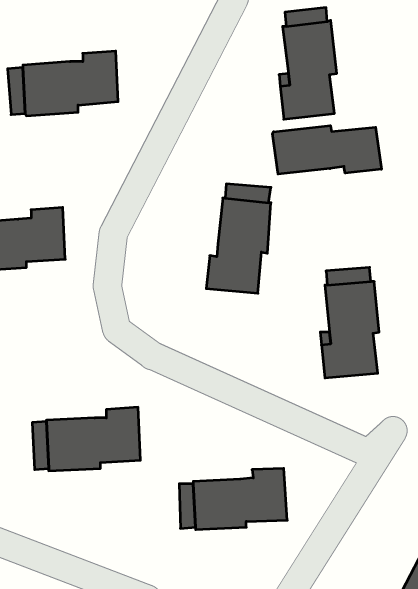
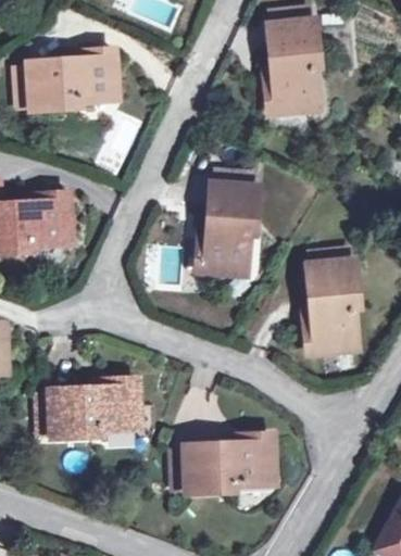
building: [273,126,381,174] -> none

